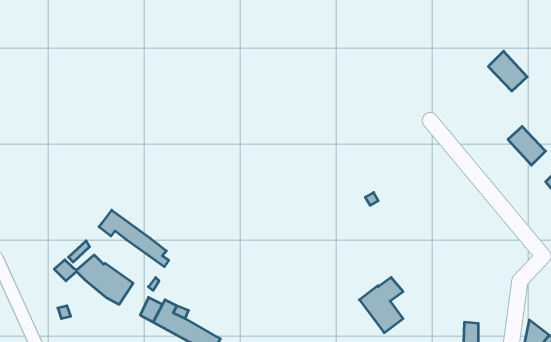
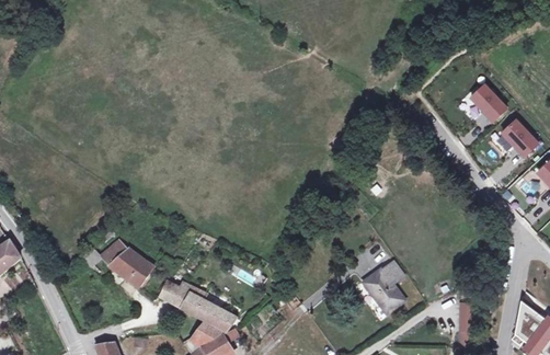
building: [488,51,527,91] -> [470,84,506,122]
building: [99,210,169,267] -> none

